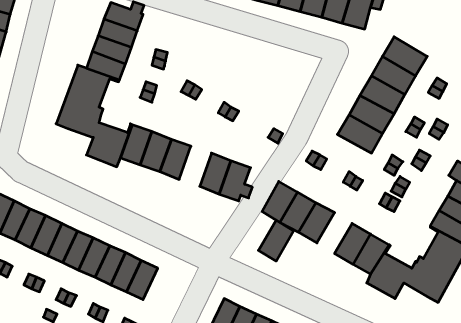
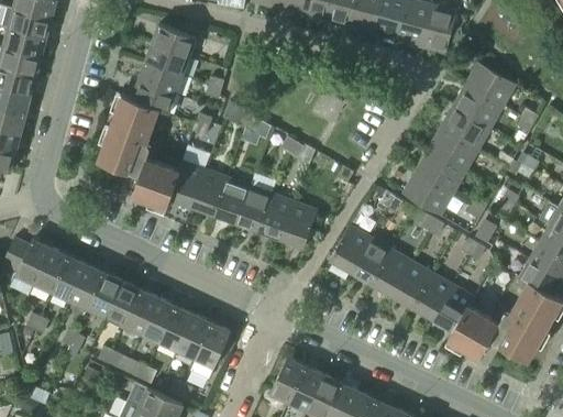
building: none -> [402,173,453,216]
building: none -> [236,186,273,231]
building: [258,220,294,261] -> [391,261,431,307]
building: none -> [190,323,231,380]

